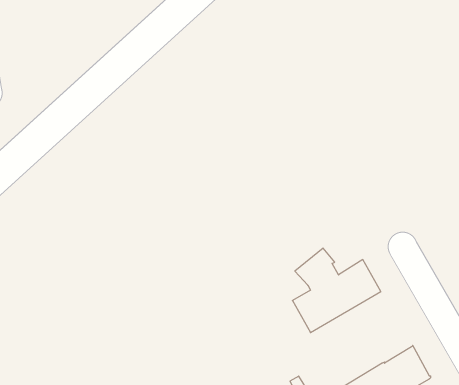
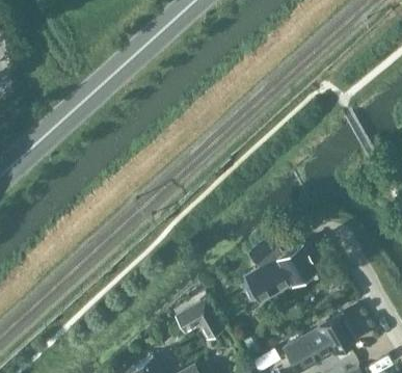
building: none -> [176,299,223,339]

